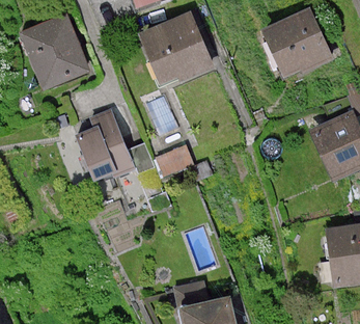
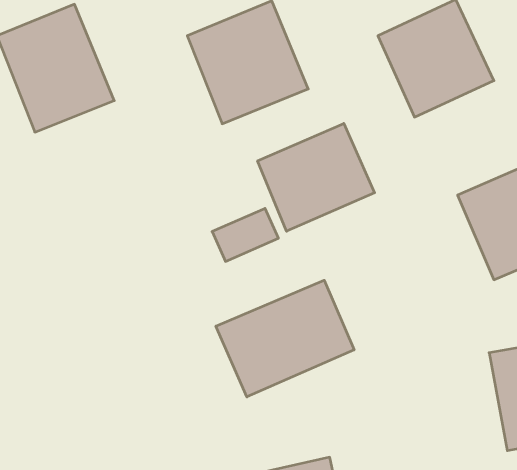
building: none -> [258,123,375,231]
building: [71,115,137,183] -> none
building: none -> [216,280,354,397]

